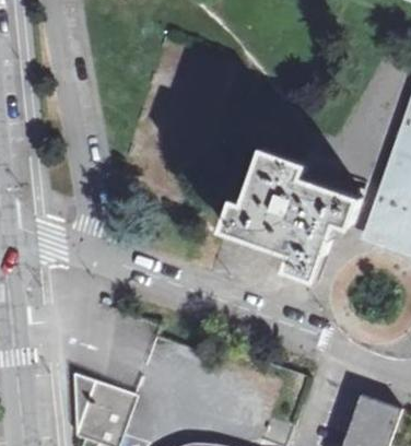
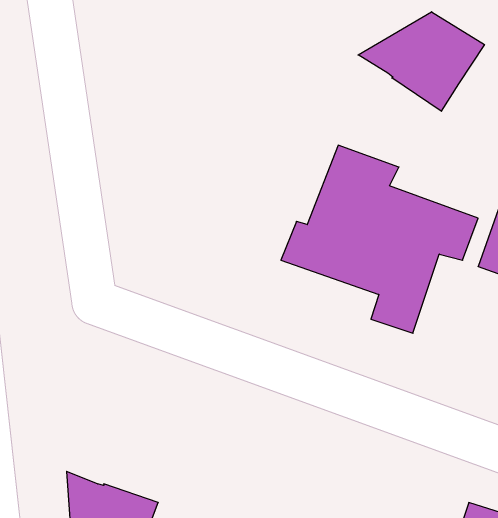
building: none -> [358,12,484,111]

